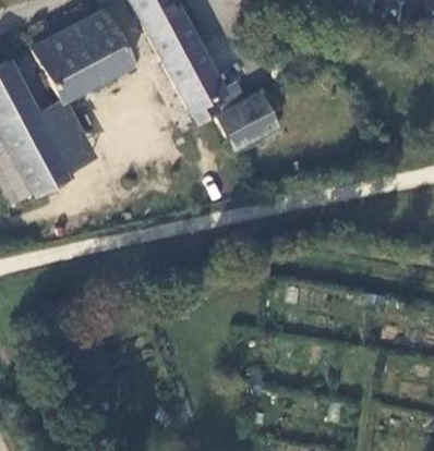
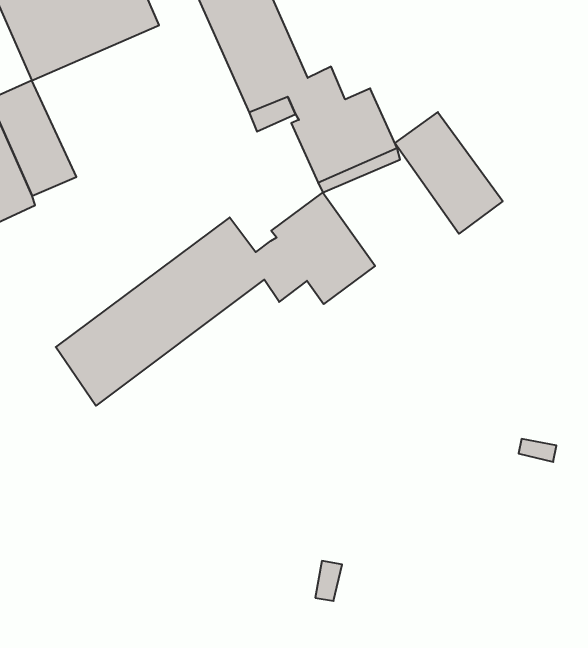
building: none -> [395,112,503,234]
building: none -> [56,193,375,406]

